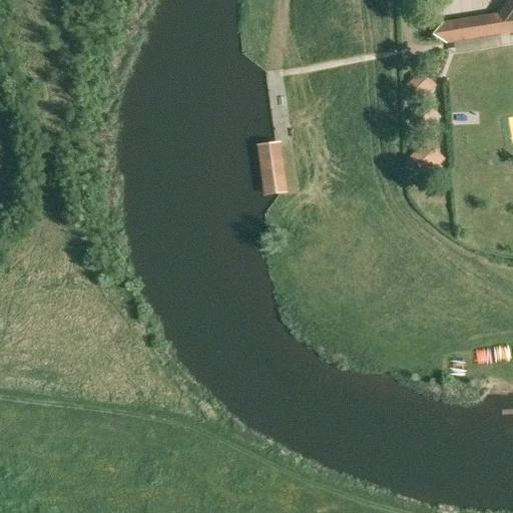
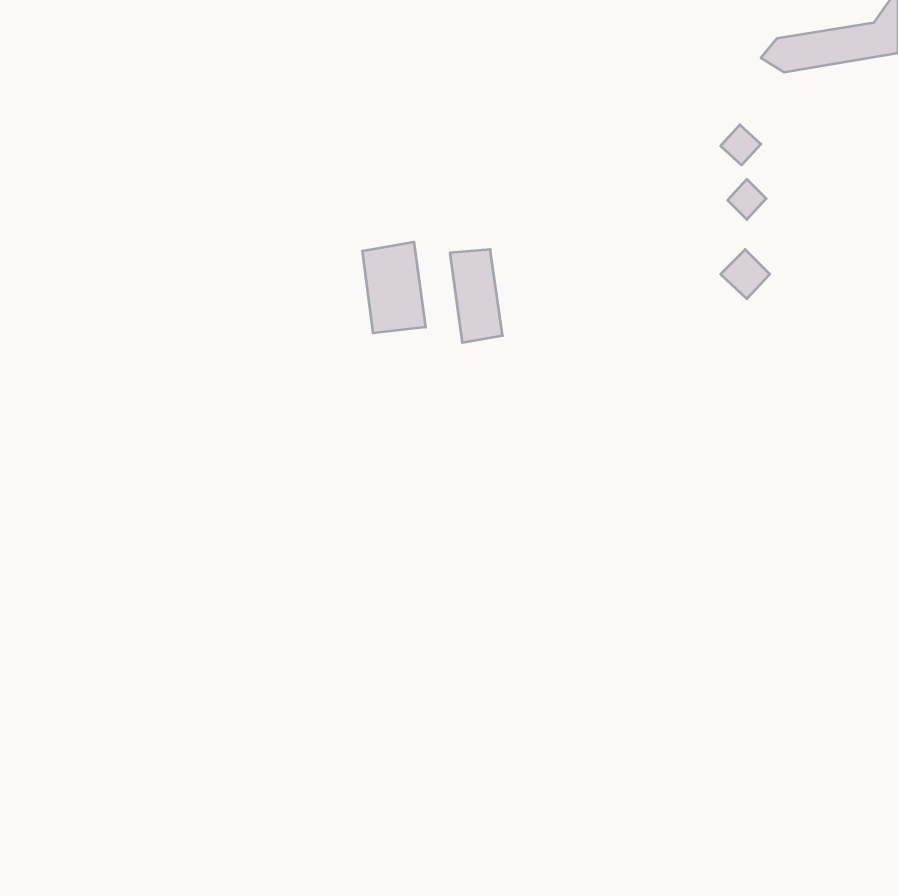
building: none -> [362,242,426,333]

